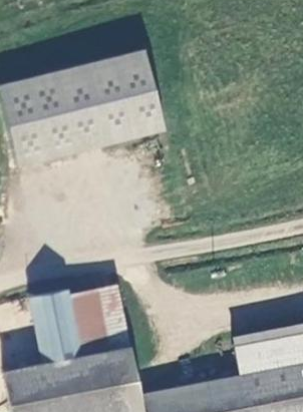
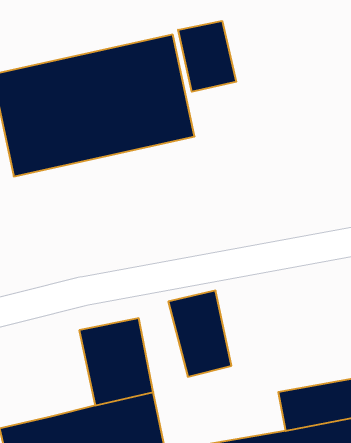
building: none -> [178,21,236,92]
building: [31,294,83,365] -> [168,291,231,377]

